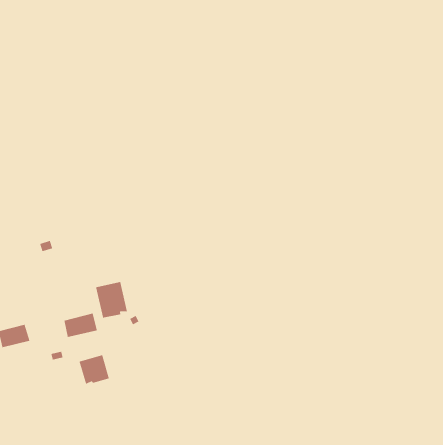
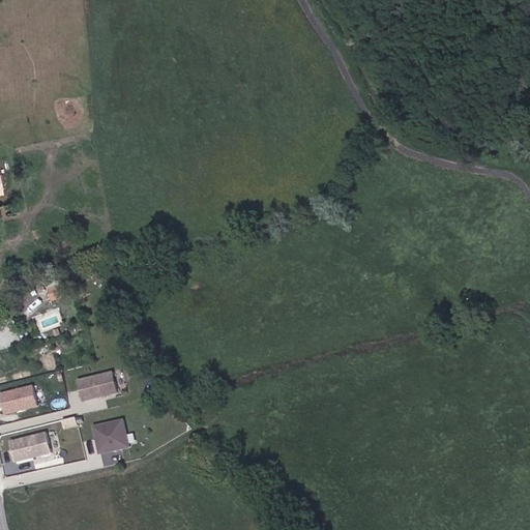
building: [95,281,128,319] -> none
building: none -> [7,432,49,462]

